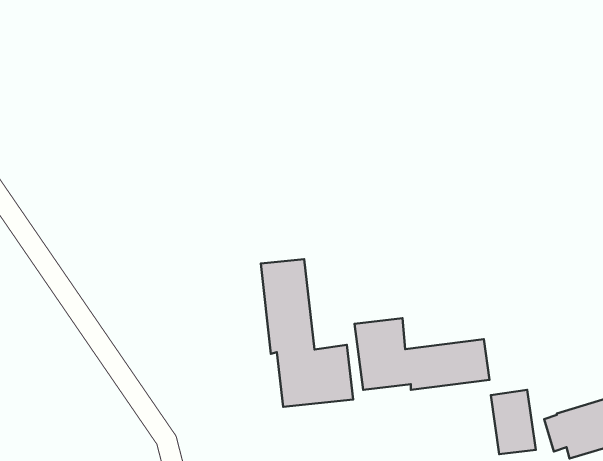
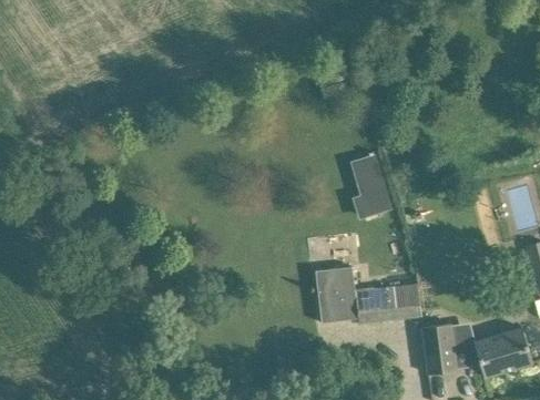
building: none -> [351,154,390,218]
building: [261,259,353,407] -> none

